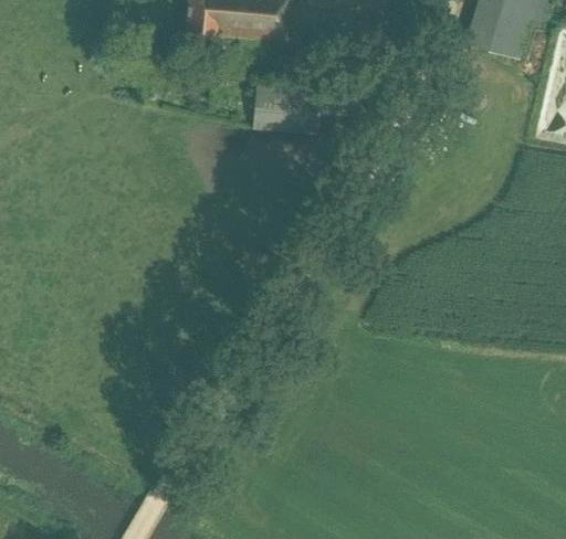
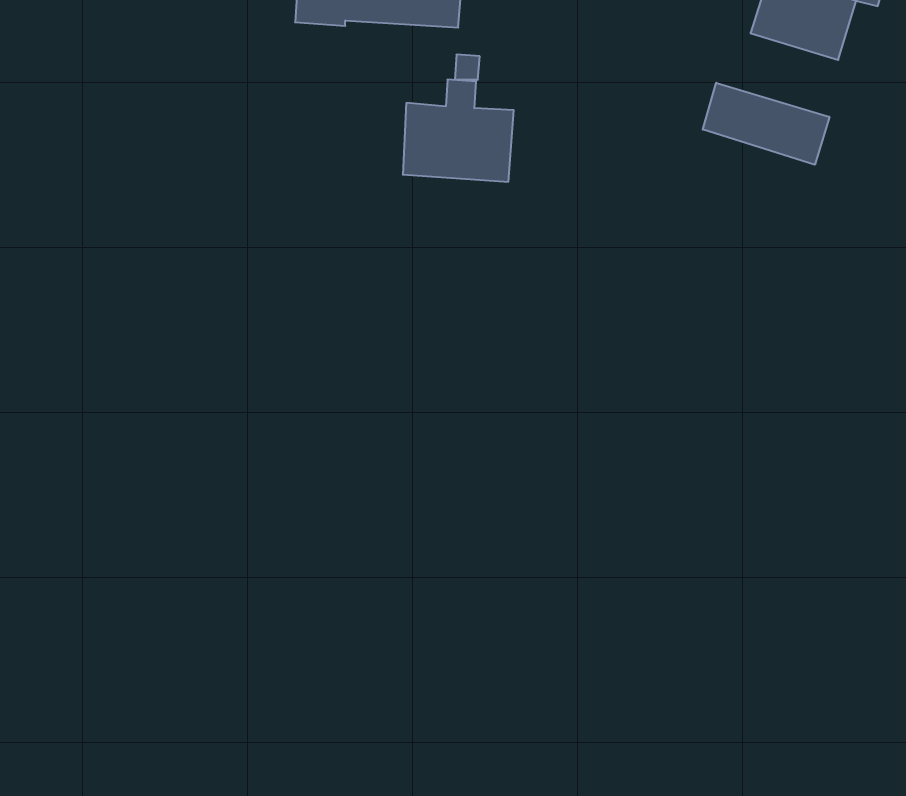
building: none -> [703,83,829,165]

